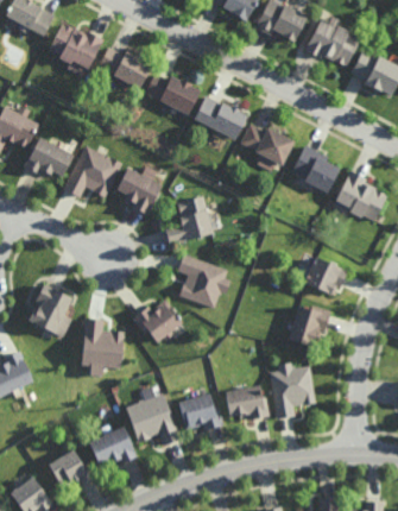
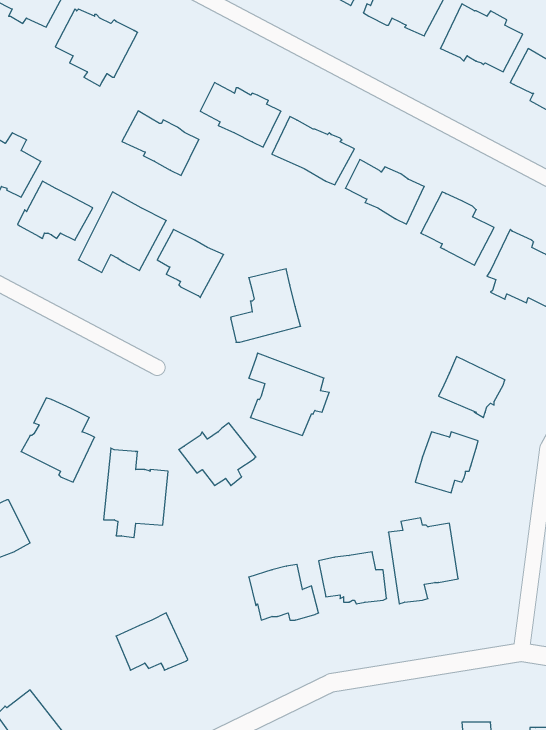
building: [99,46,150,89] -> [122,111,199,175]
building: [125,385,179,444] -> none
building: [48,448,95,490] -> none

